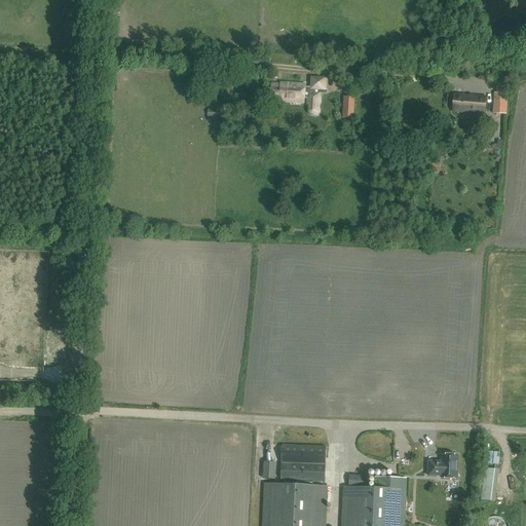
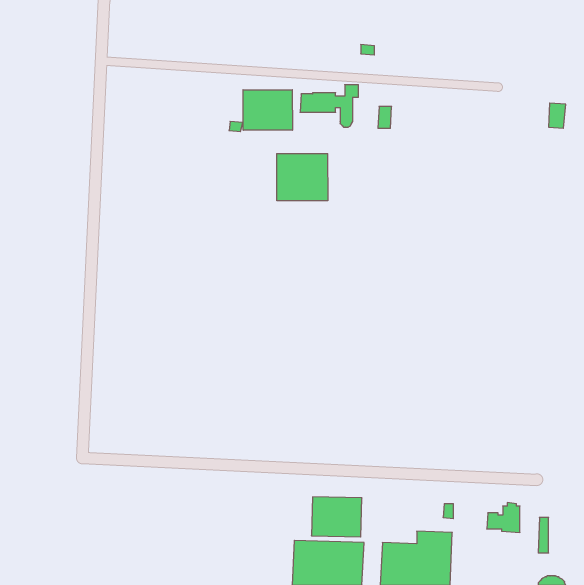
building: none -> [243,90,292,130]
building: [452,95,486,113] -> none
building: none -> [277,154,328,201]

